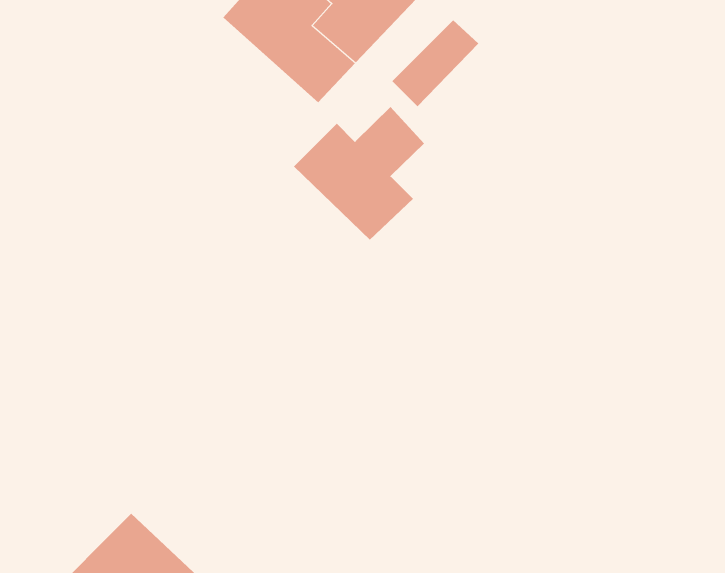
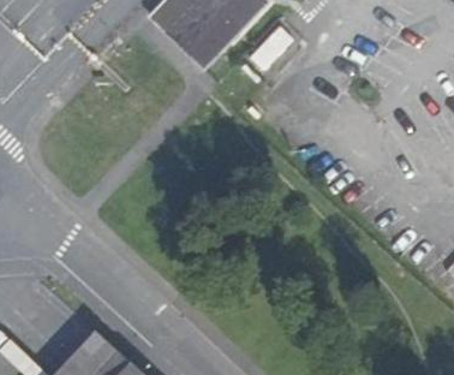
building: [293,106,425,241] -> none

